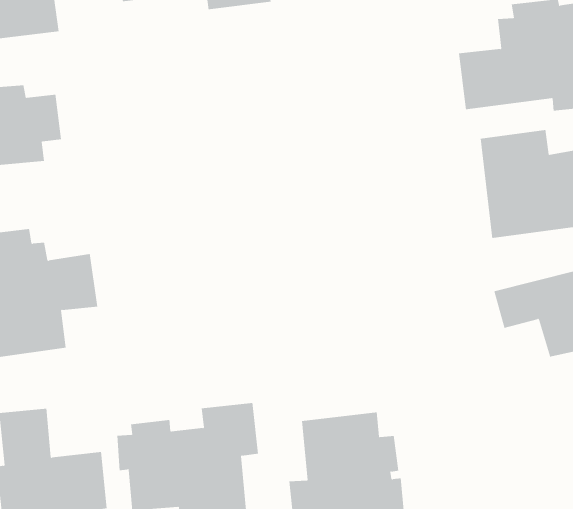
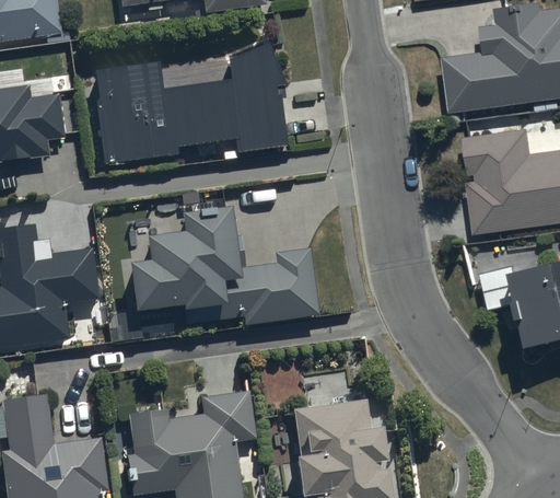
building: none -> [94,40,288,162]
building: none -> [131,207,320,332]

